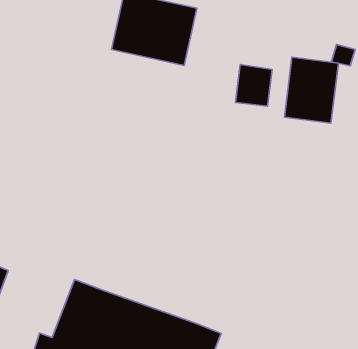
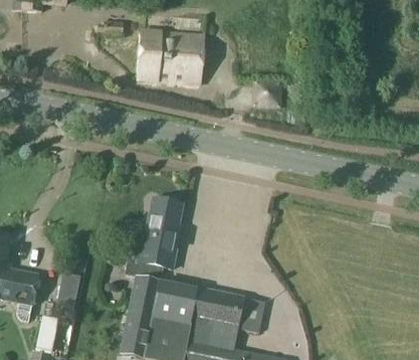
building: [284,57,338,123] -> none
building: none -> [125,199,183,281]

